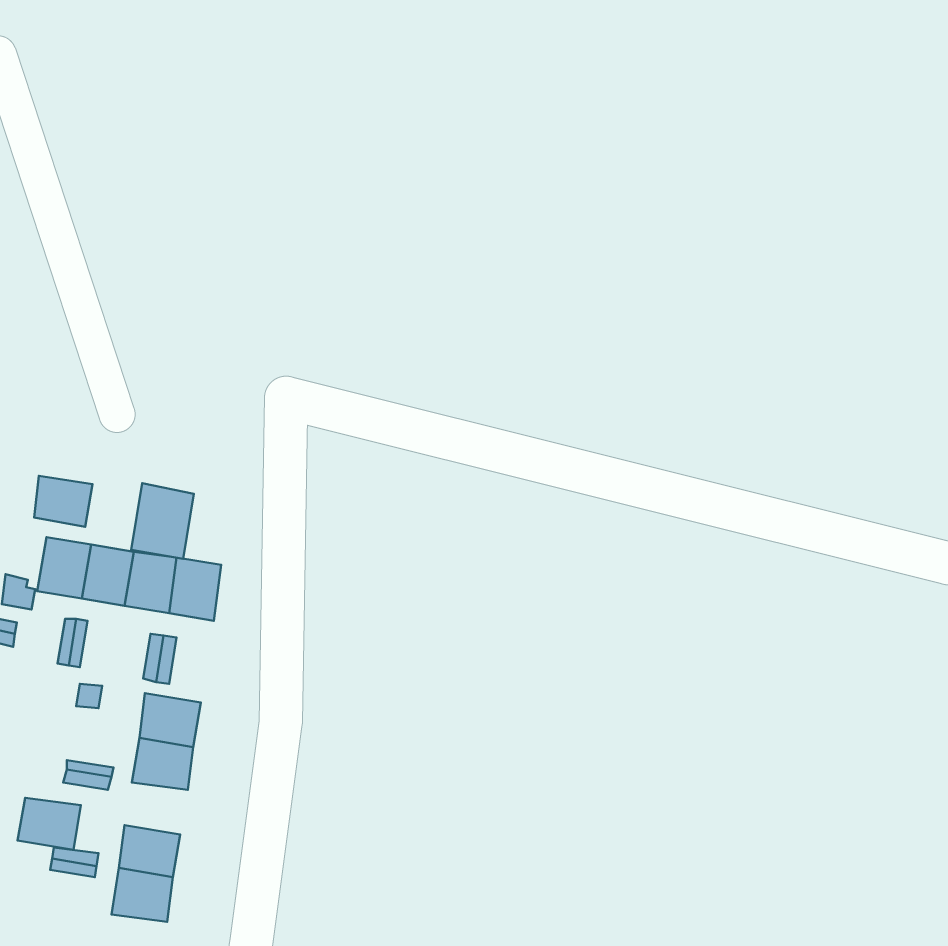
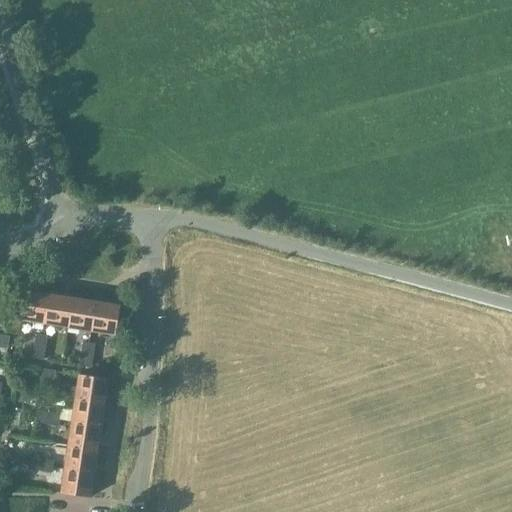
building: [34,476,92,527] -> none
building: [131,483,194,559] -> none
building: [18,798,81,850] -> [67,421,101,449]

